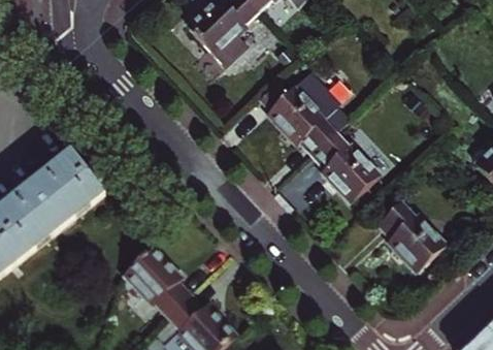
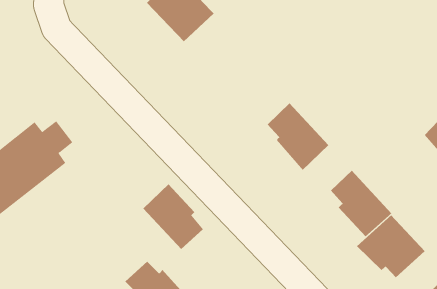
building: [267,72,350,155] -> none
building: none -> [356,214,425,278]
building: [125,250,189,319] -> [143,184,204,250]

